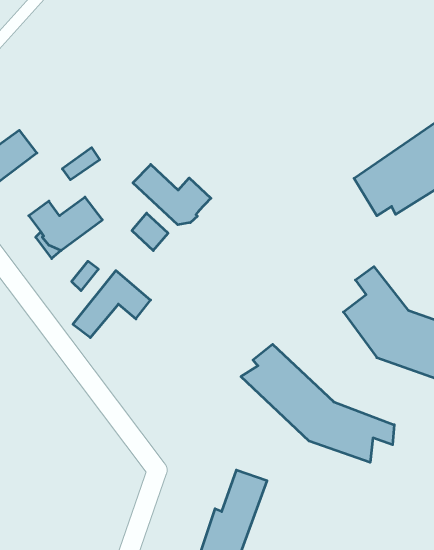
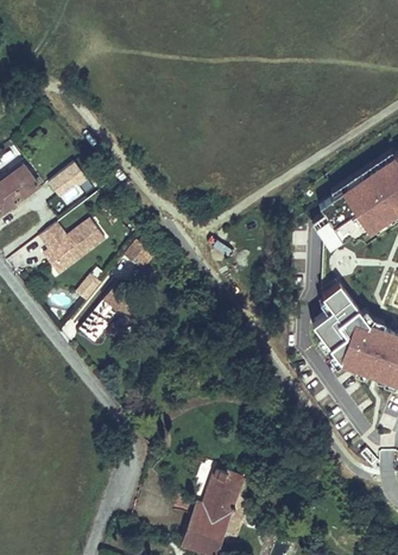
building: none -> [56,160,88,191]
building: [133,164,211,225] -> none
building: [241,344,394,462] -> none

